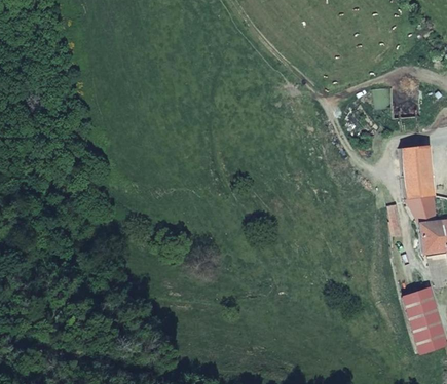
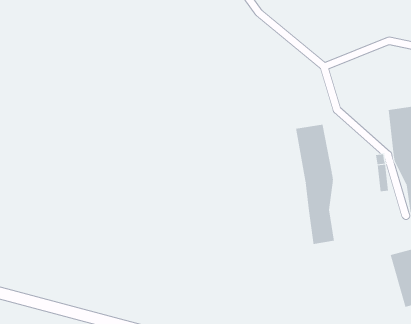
building: none -> [295,124,335,245]

